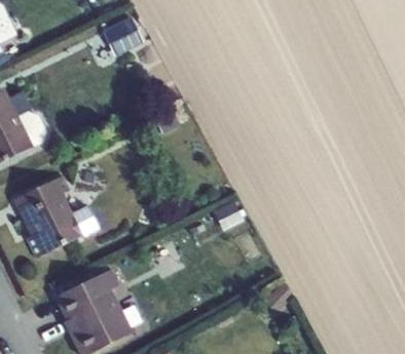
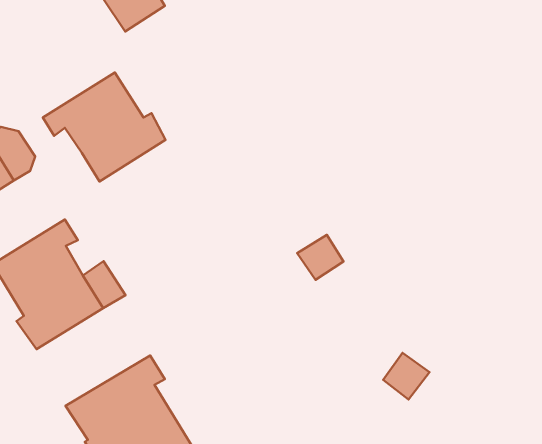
building: none -> [43,72,165,181]

